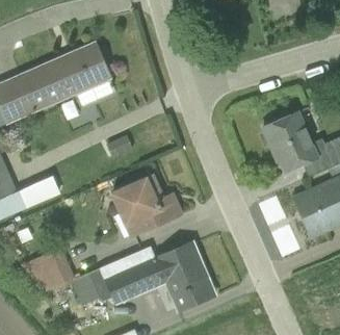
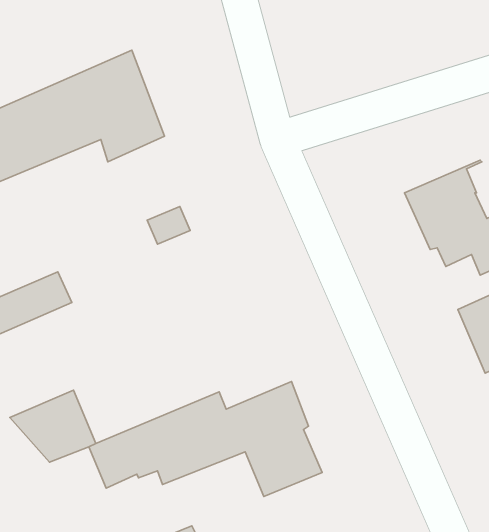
building: [108,172,181,238] -> none

